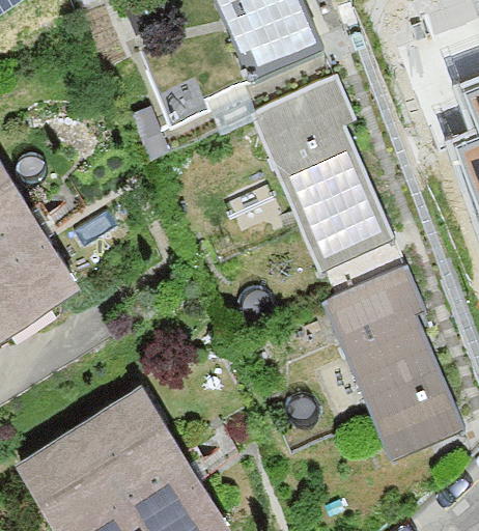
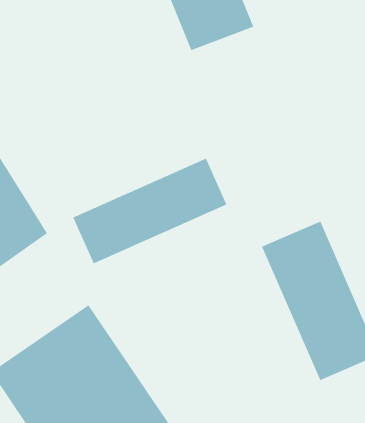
building: [252,81,396,283] -> none
building: none -> [73,158,227,264]

